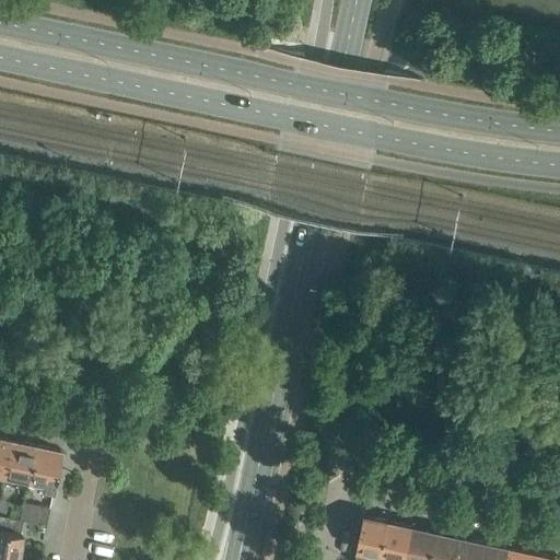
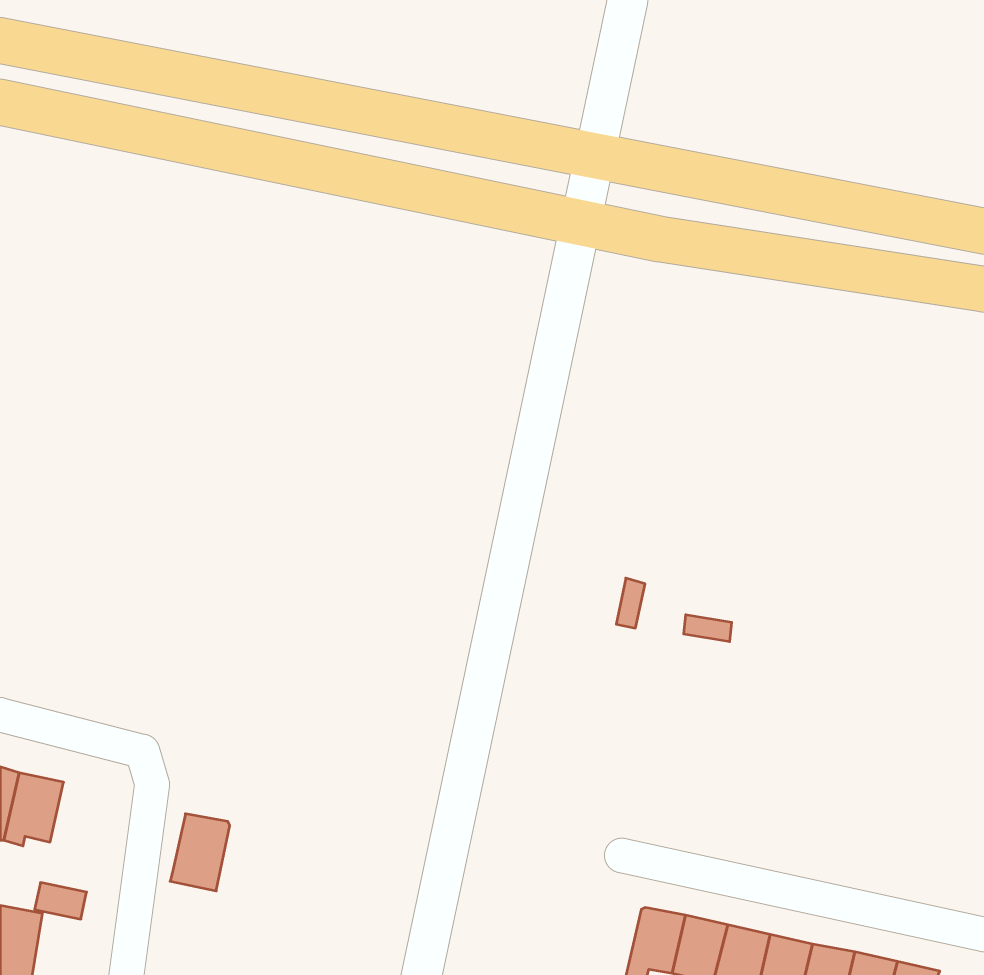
building: [27,450,61,493] -> [170,814,230,891]

